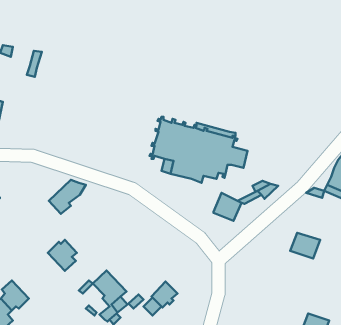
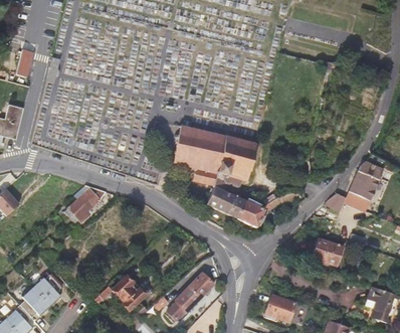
building: none -> [205,184,243,218]
building: [48,240,77,271] -> [32,274,61,305]
building: none -> [187,273,213,300]
building: none -> [265,294,295,321]

